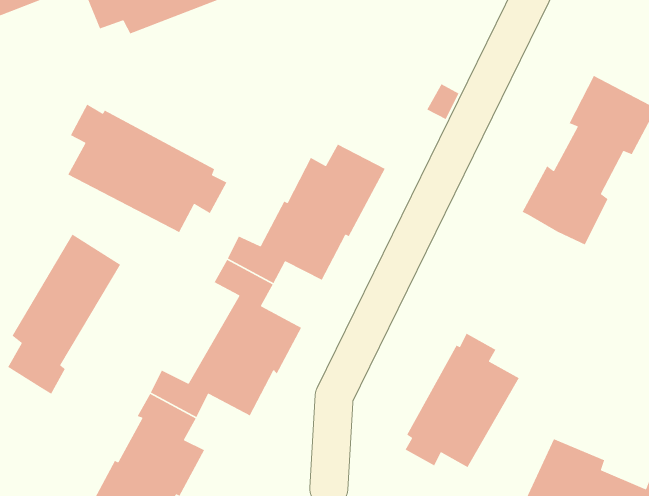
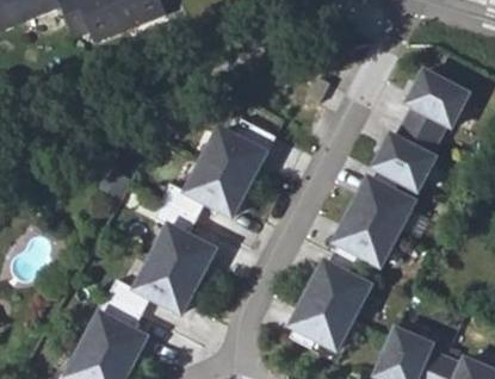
building: [67,104,227,233] -> none
building: none -> [334,170,415,267]
building: [7,233,121,395] -> none

